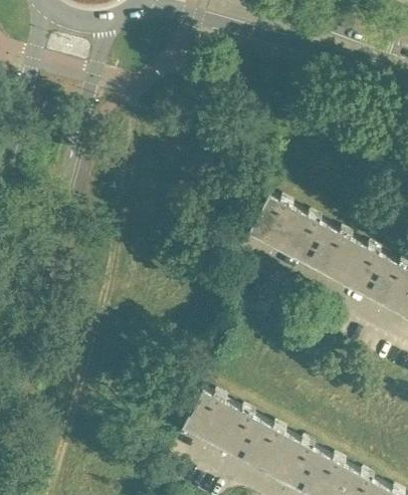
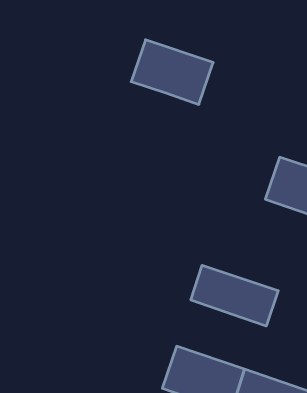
building: [251,198,332,267] -> [131,40,213,104]
building: none -> [191,265,278,326]

